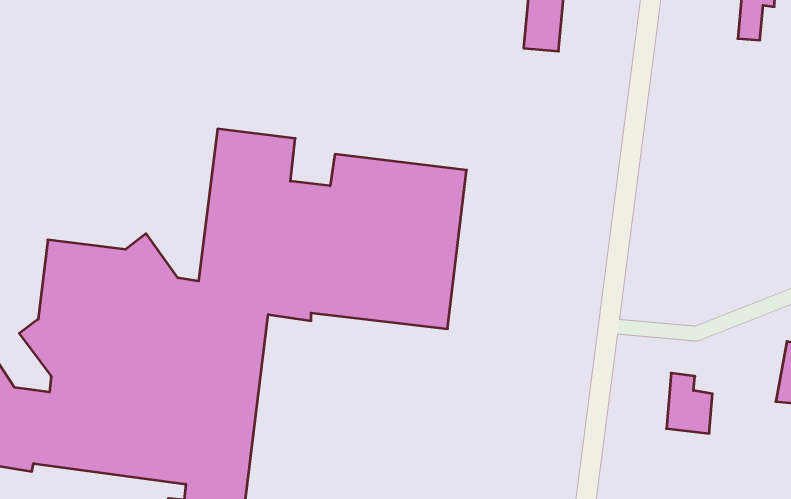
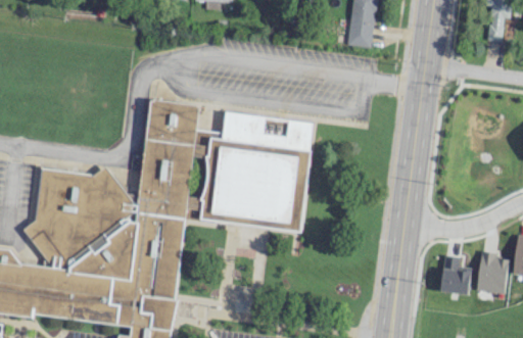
building: none -> [477,253,509,293]

